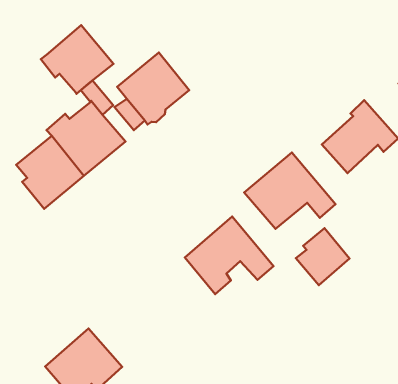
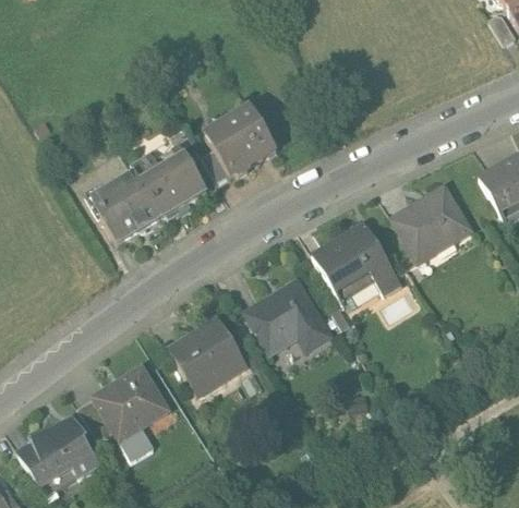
building: [41,25,113,94] -> none
building: [296,228,350,285] -> none
building: none -> [170,318,246,386]

